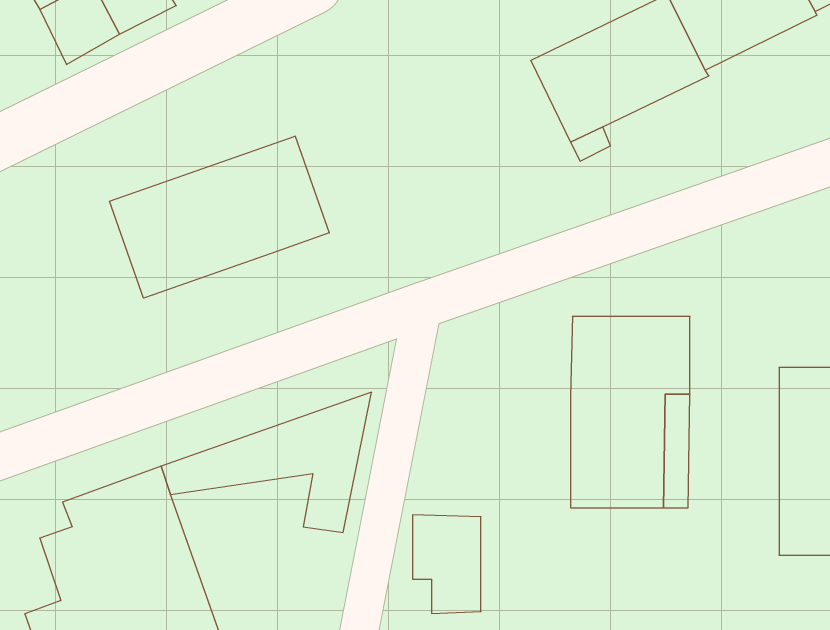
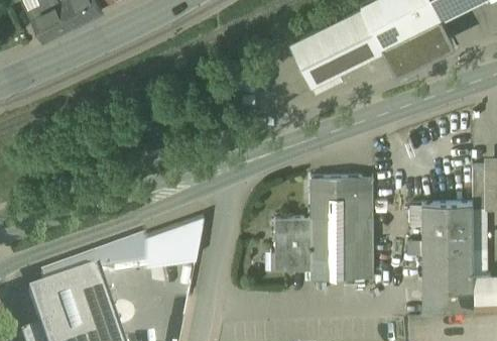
building: [110,136,329,298] -> none
building: [413,515,481,613] -> [275,213,312,265]

